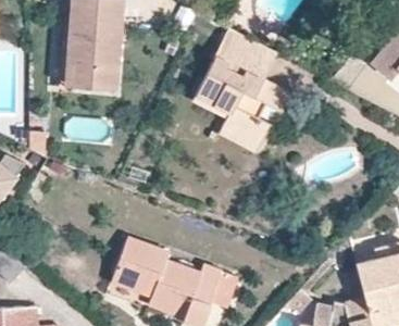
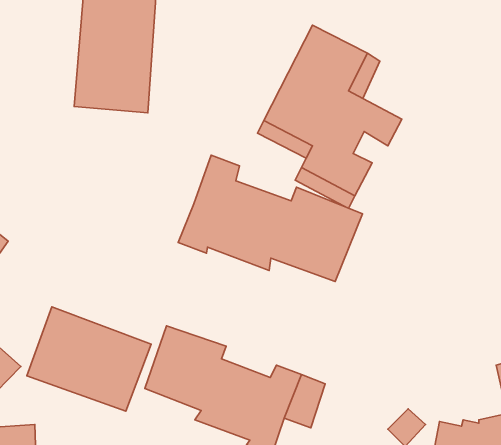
building: none -> [178,155,362,281]
building: none -> [27,307,151,411]

